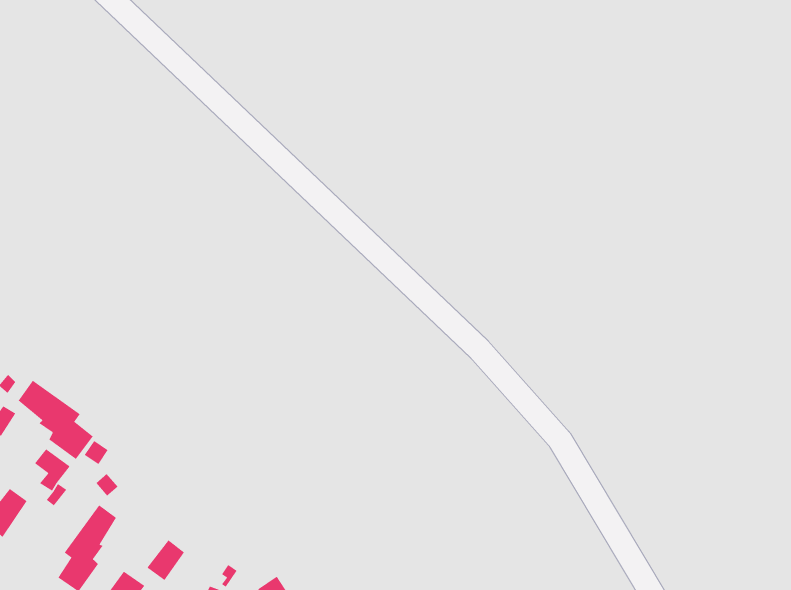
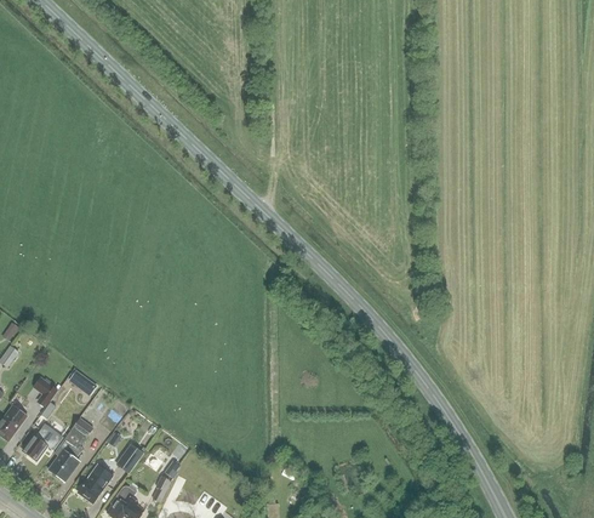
building: [18,380,94,460] -> none
building: none -> [23,425,62,460]

